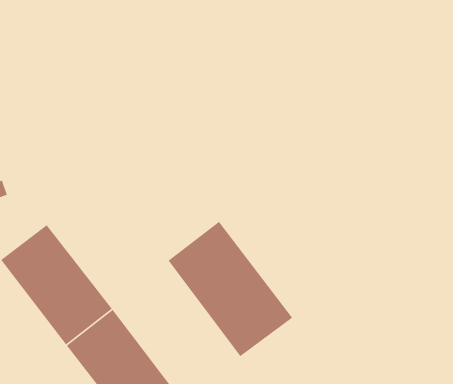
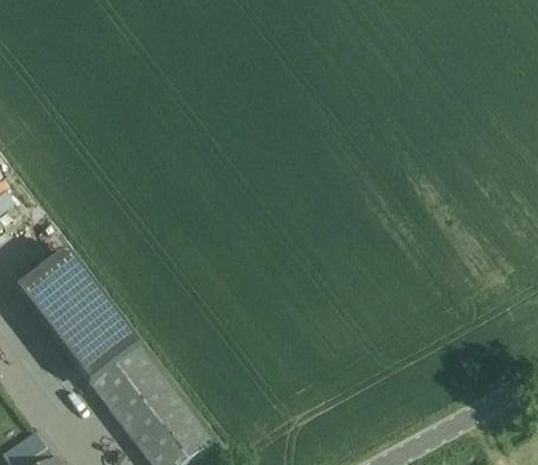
building: [168,221,293,357] -> none

